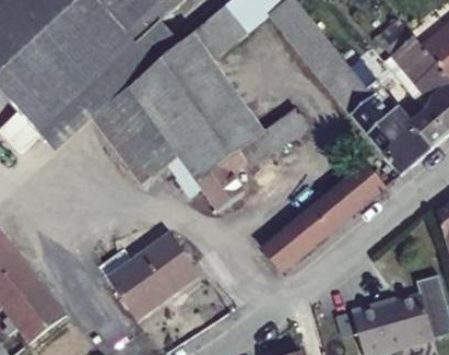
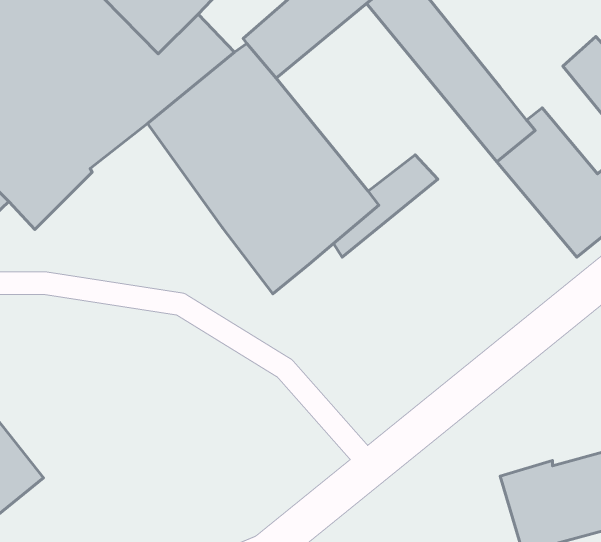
building: [94,88,177,180] -> none
building: [263,163,385,272] -> none
building: [109,237,199,323] -> none

